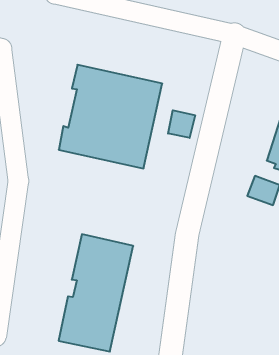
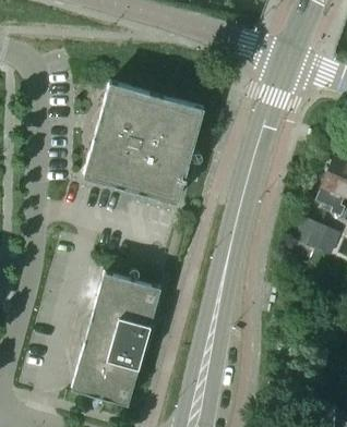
building: [168,110,195,138] -> none

